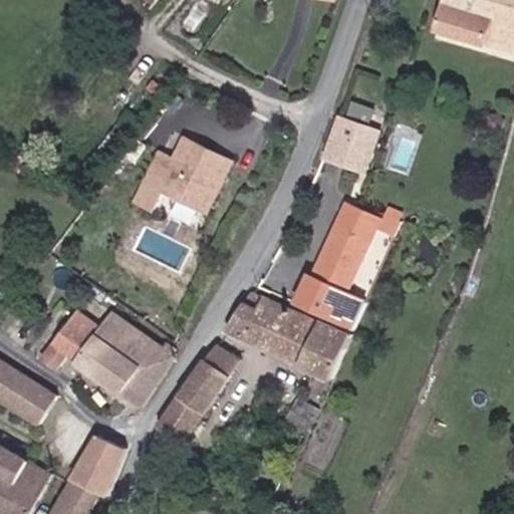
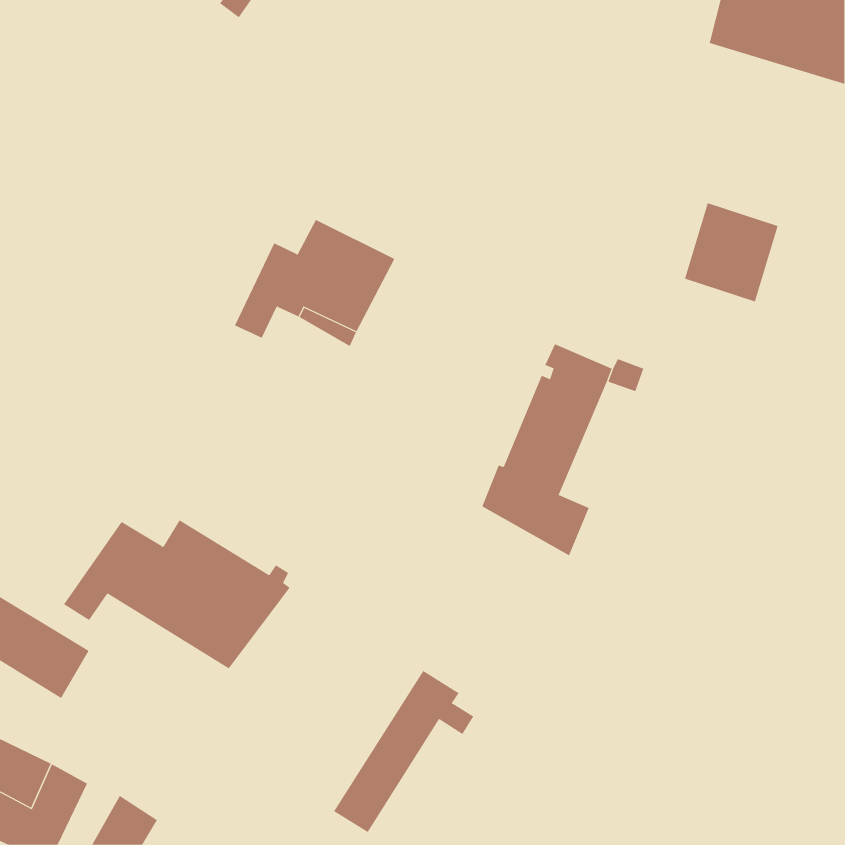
building: [321,112,378,173] -> [684,203,779,302]
building: [220,286,342,379] -> none
building: [160,337,245,436] -> [333,670,474,833]
building: [72,436,112,498] -> none

